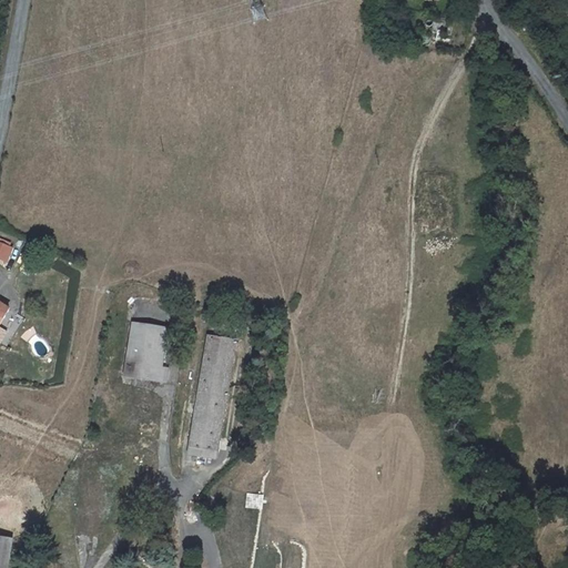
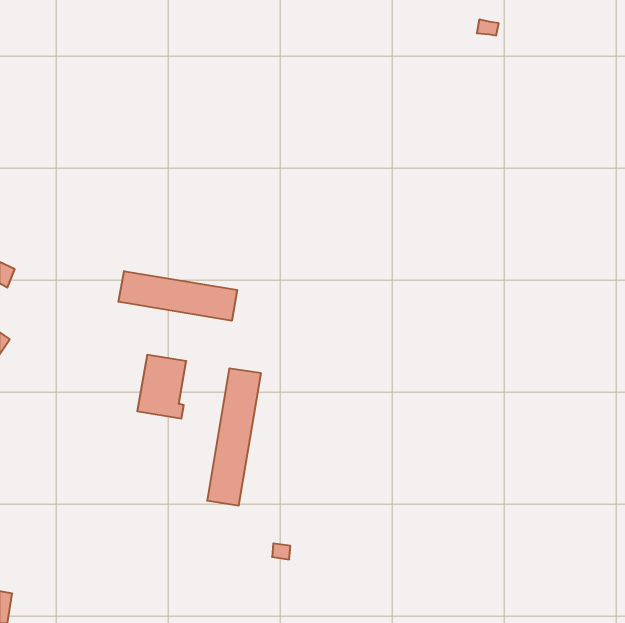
building: none -> [119,271,237,321]

